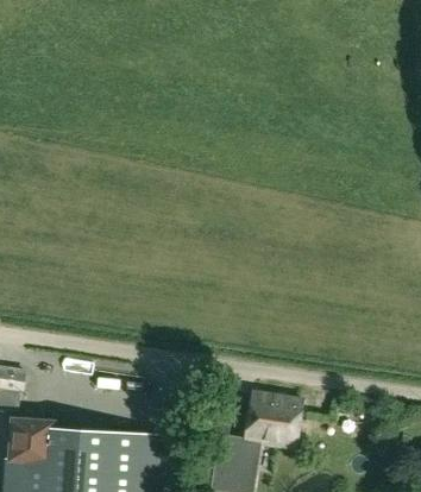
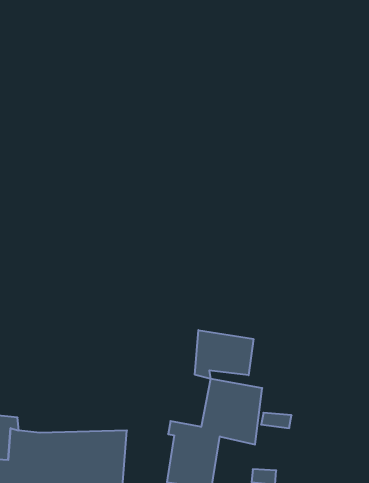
building: none -> [195,330,253,379]

